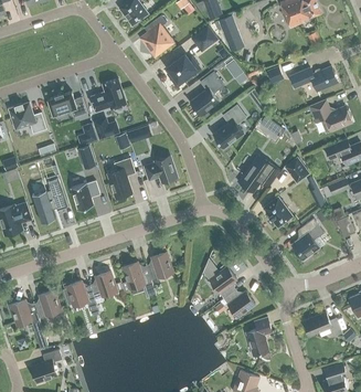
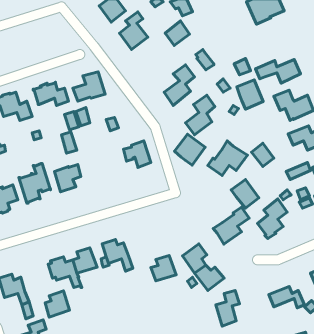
building: [214,14,244,52] -> none
building: [168,54,194,85] -> none
building: none -> [237,80,263,109]
building: none -> [175,134,205,165]
building: [108,158,135,198] -> none
building: none -> [213,207,249,244]
building: [146,252,173,279] -> [151,255,176,281]
building: [34,289,61,318] -> [45,291,70,317]

